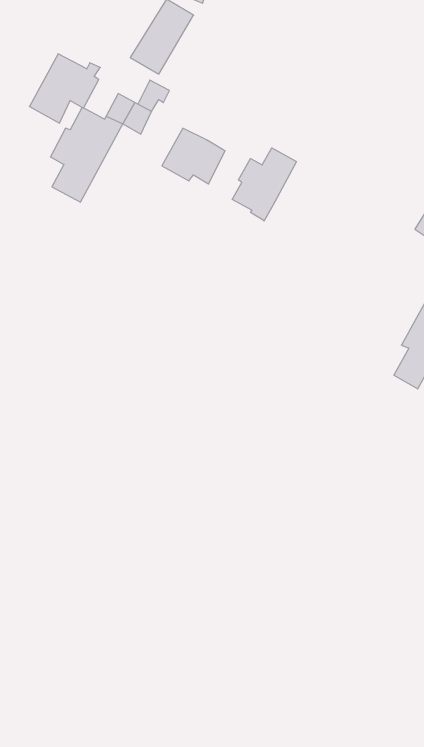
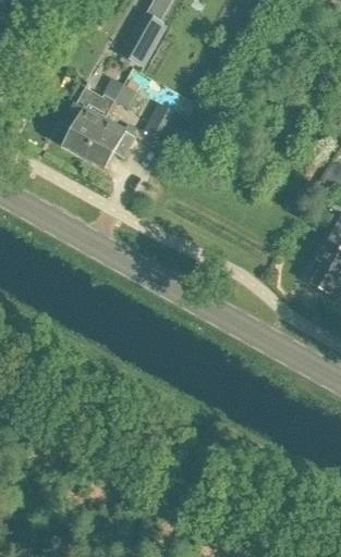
building: [29,54,100,123] -> [85,120,136,170]
building: [232,148,296,221] -> none

